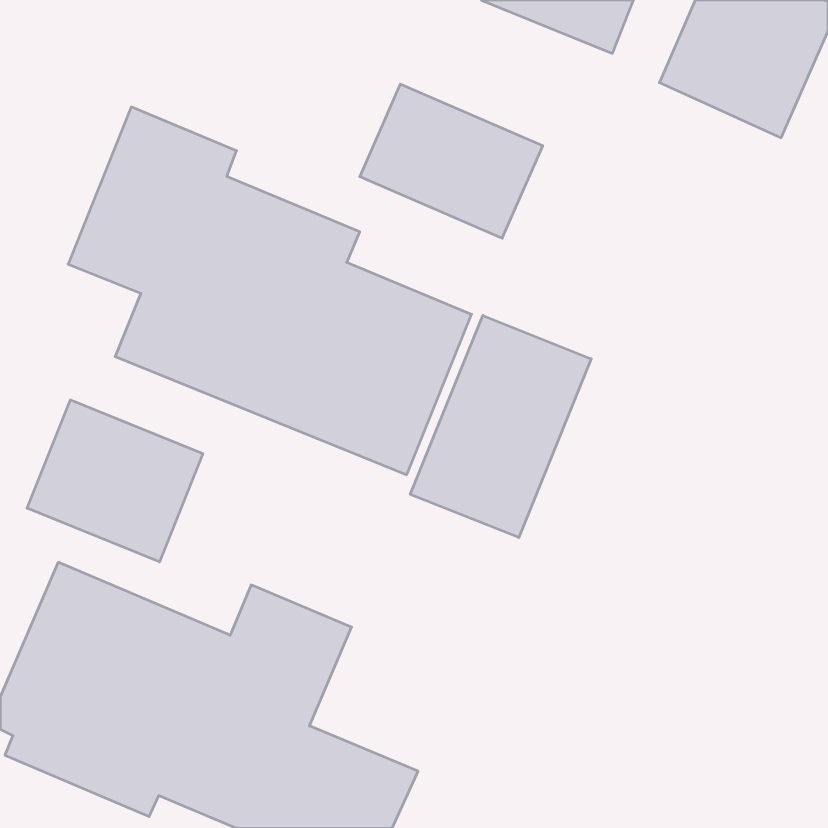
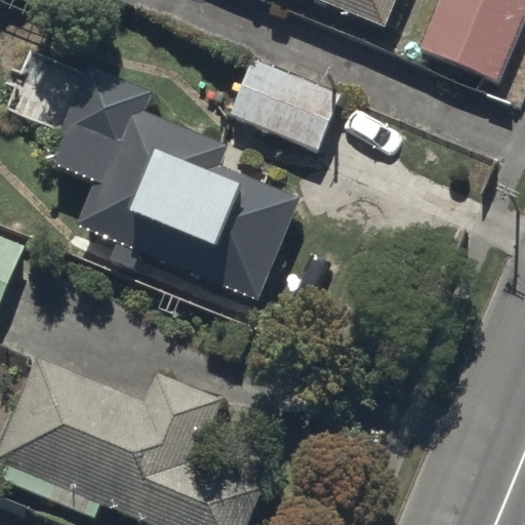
building: [410,315,591,538] -> none
building: [27,400,203,562] -> none

